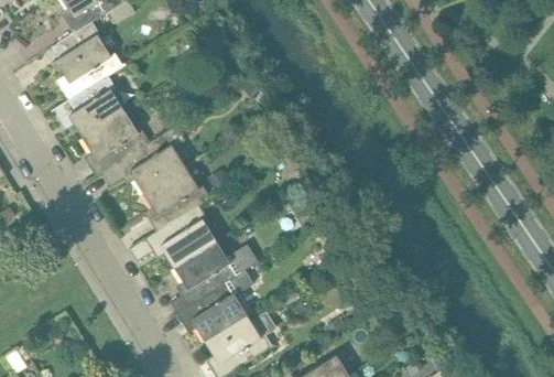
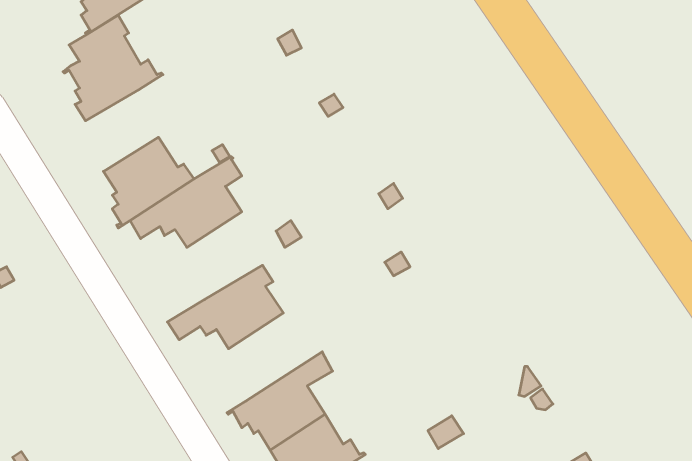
building: [51,76,123,137] -> none
building: [144,166,214,231] -> none
building: [171,241,259,313] -> none

